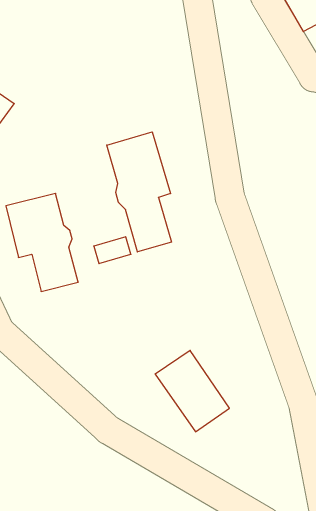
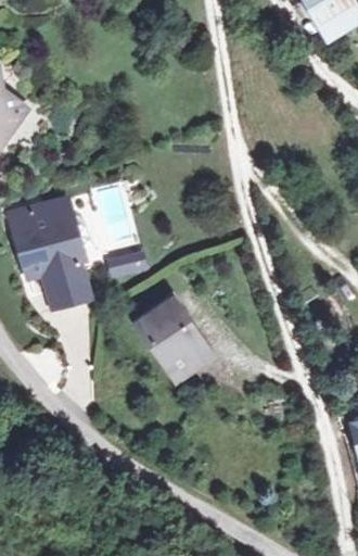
building: [107,132,171,252] -> none
building: [155,350,229,432] -> [136,296,214,382]

